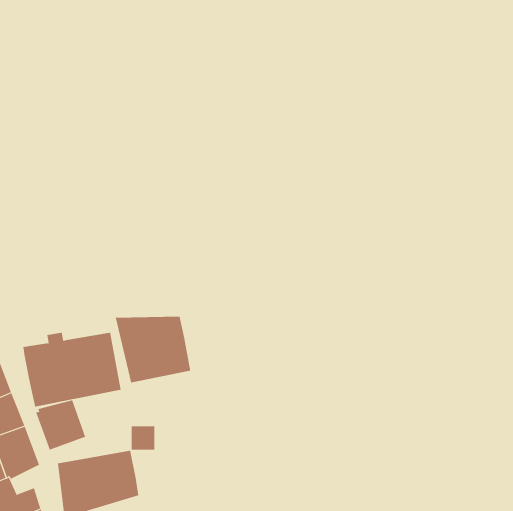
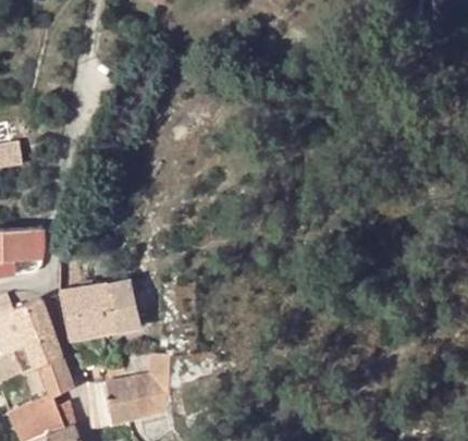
building: [115,316,191,384] -> none
building: [35,400,86,451] -> none

